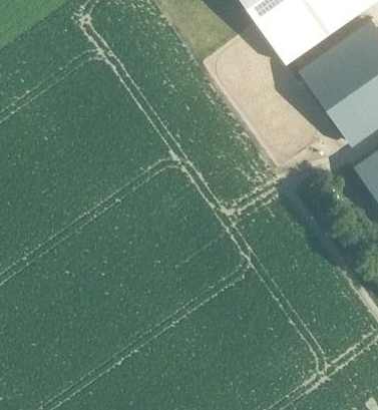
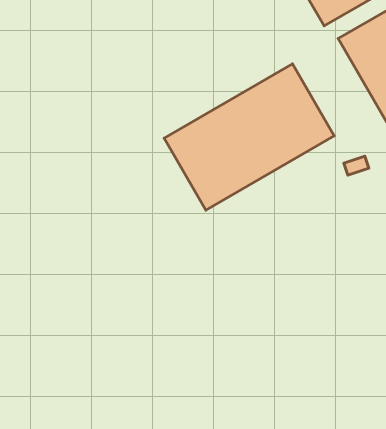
building: none -> [164,64,334,210]

